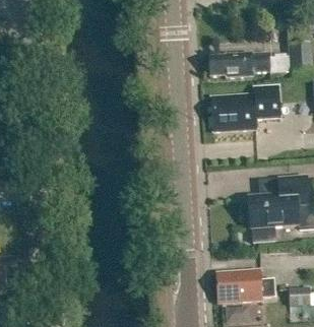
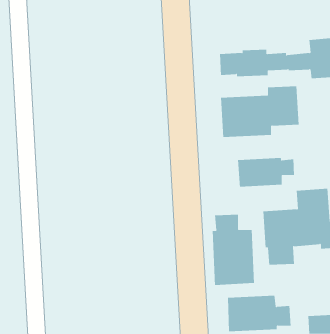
building: none -> [238,157,295,188]
building: none -> [212,214,255,286]

